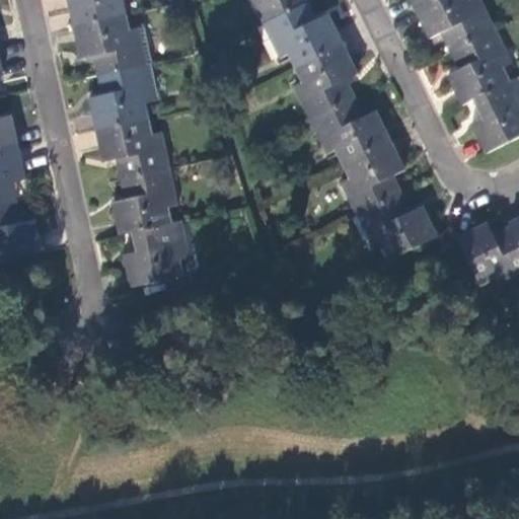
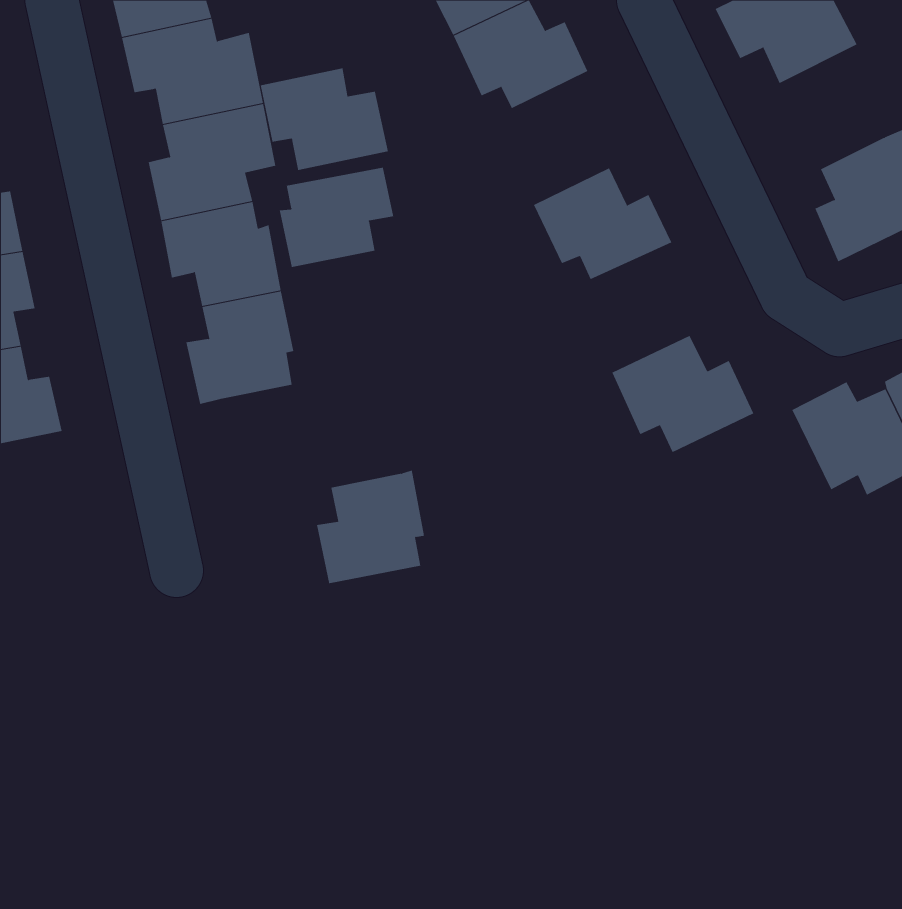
building: [444,26,510,103] -> none
building: none -> [260,67,389,171]
building: [293,42,355,118] -> none
building: none -> [279,167,394,268]
building: [337,139,400,213] -> none
building: [123,218,184,283] -> [316,470,425,584]

